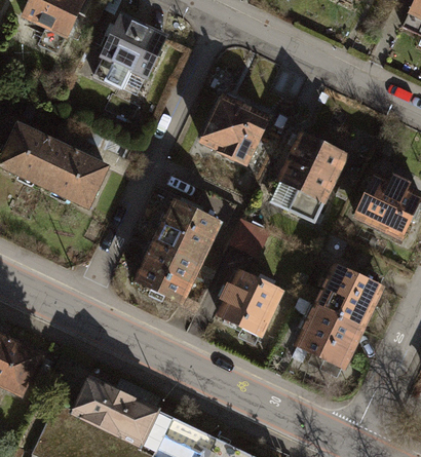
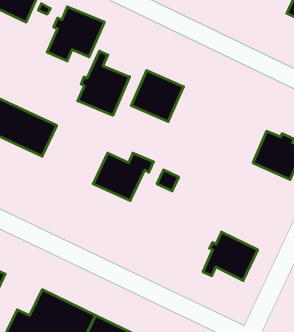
building: none -> [78,51,130,115]
building: [277,136,345,217] -> none
building: [133,241,208,309] -> none
building: [315,264,380,326] -> none
building: [217,270,282,337] -> none

